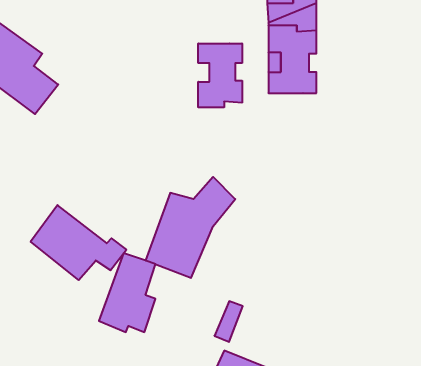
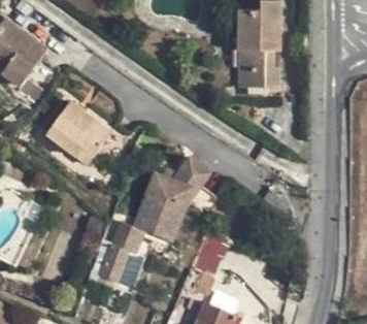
building: [198,43,242,107] -> none
building: [31,205,126,280] -> [47,104,128,167]

